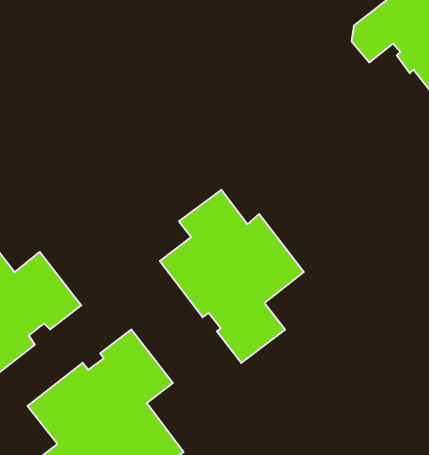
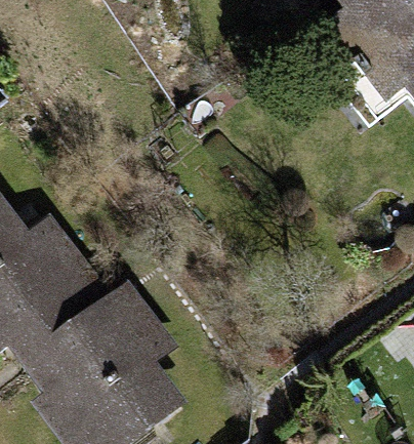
building: [160,190,304,363] -> none

